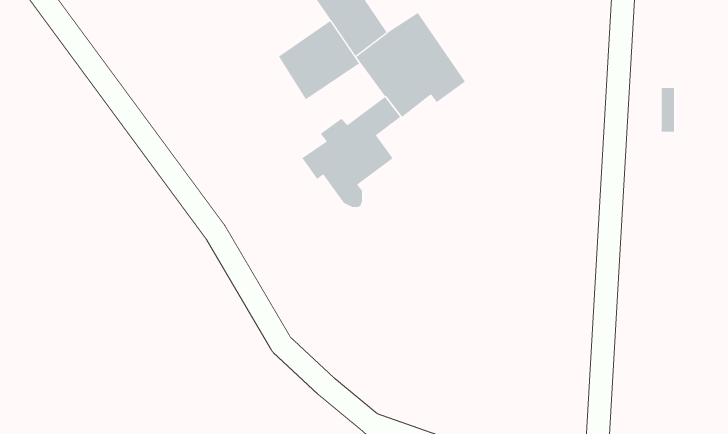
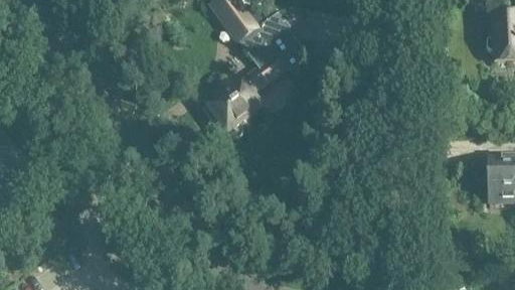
building: [278,20,360,100] -> none

